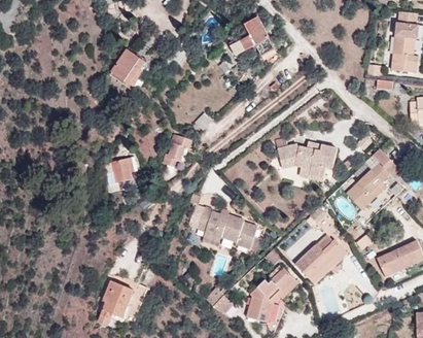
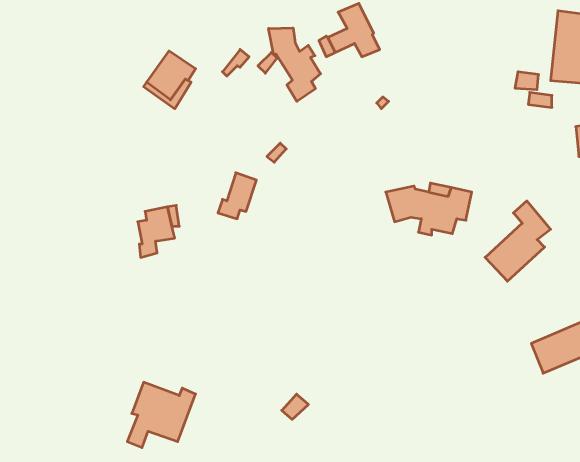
building: none -> [269,28,321,101]
building: [197,205,257,248] -> none
building: [295,234,348,283] -> none
building: [247,267,298,323] -> none

